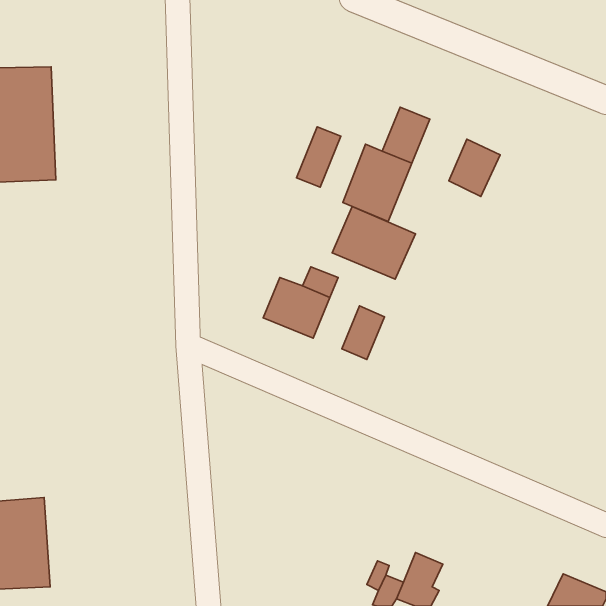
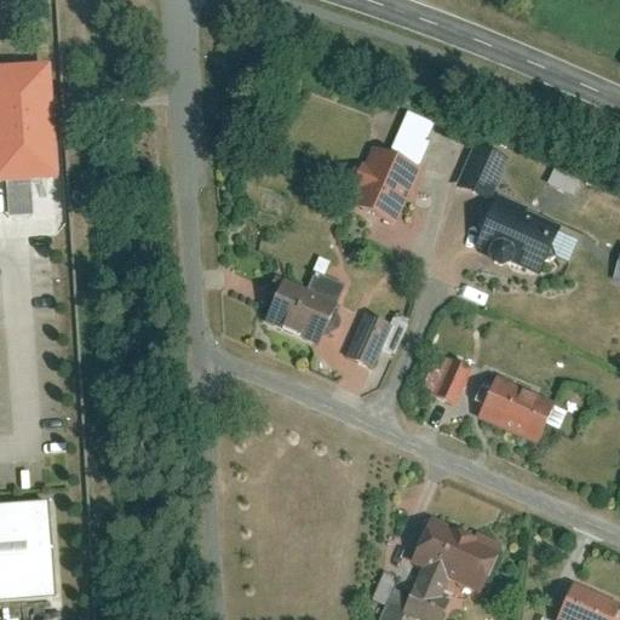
building: [296,127,341,187] -> none
building: [332,207,415,279] -> [473,197,558,271]
building: none -> [421,350,472,403]
building: none -> [478,378,569,442]
building: none -> [414,517,500,589]

